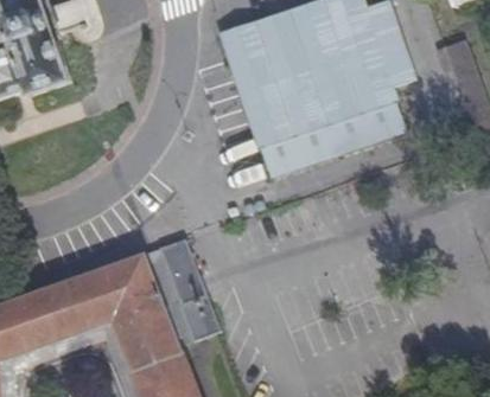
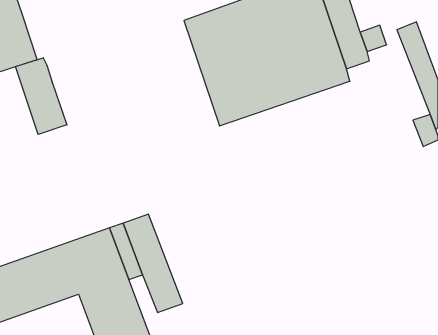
building: none -> [16,58,67,134]
building: [259,101,405,175] -> none

